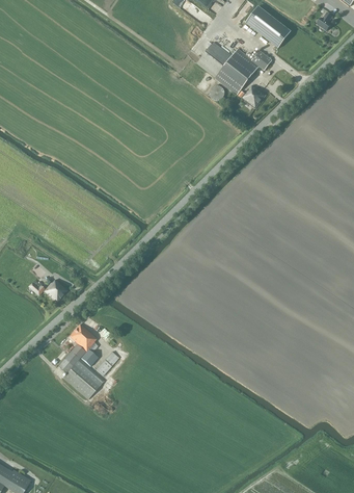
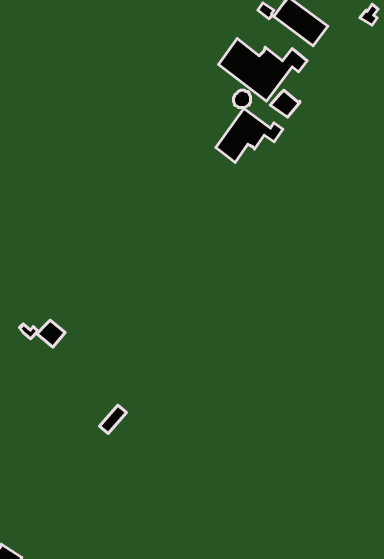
building: none -> [216,108,283,162]
building: [58,322,103,398] -> none

